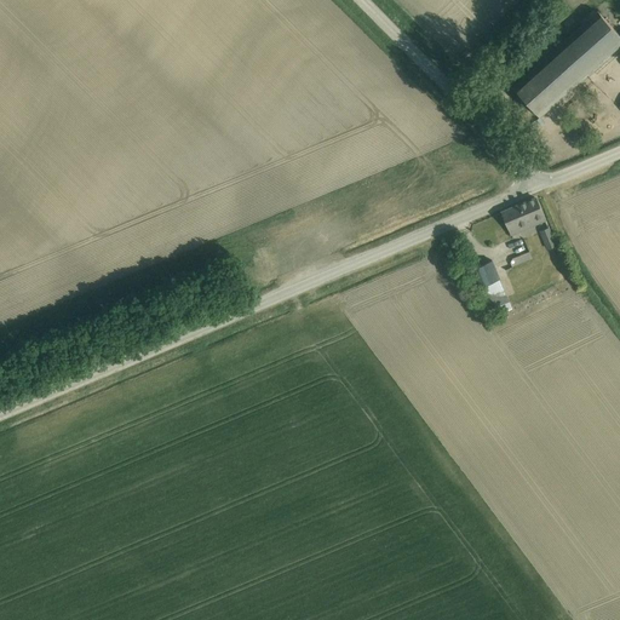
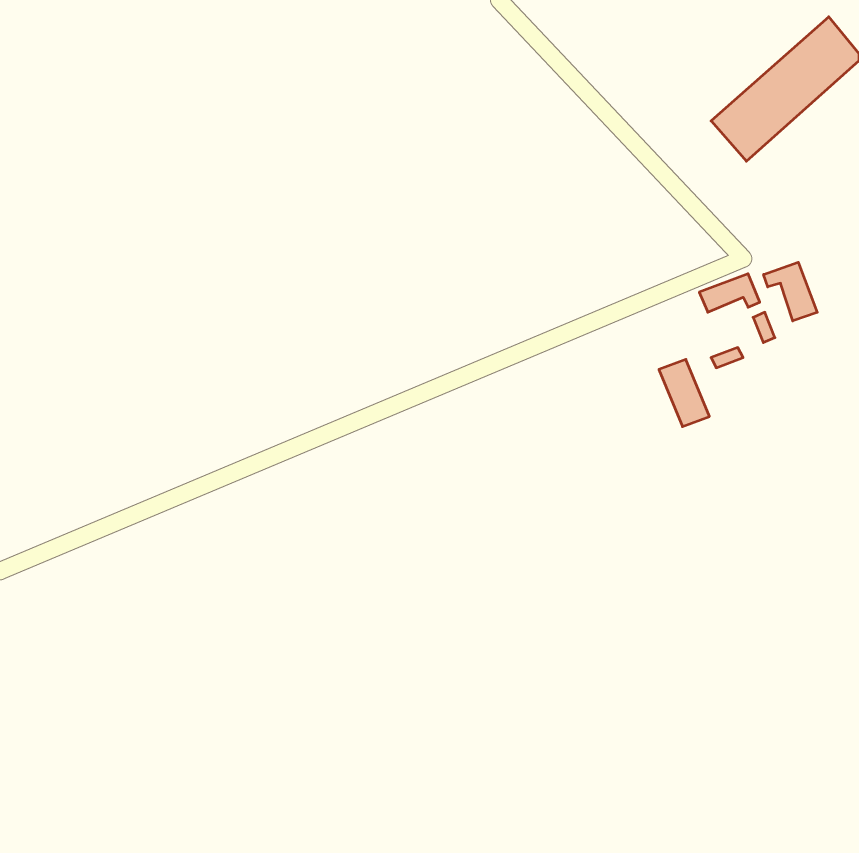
building: none -> [764,262,817,321]

